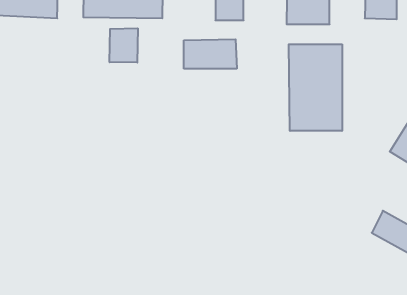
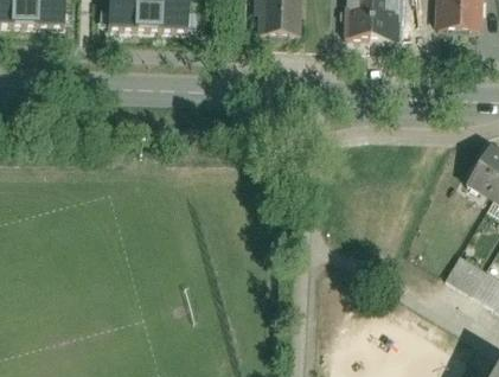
building: [110,28,138,63] -> none
building: [184,39,237,69] -> none
building: [289,44,342,131] -> none

